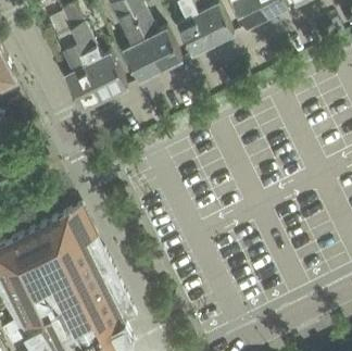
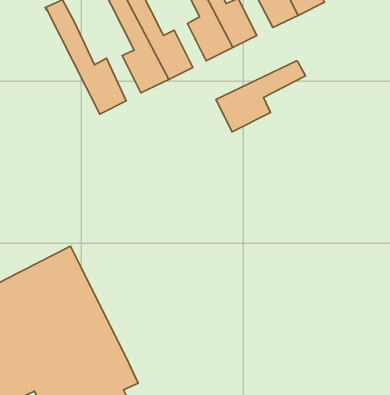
building: [49,16,105,113] -> none
building: none -> [216,61,305,132]

